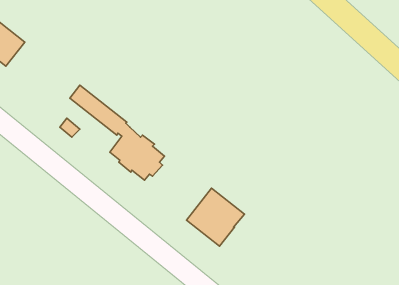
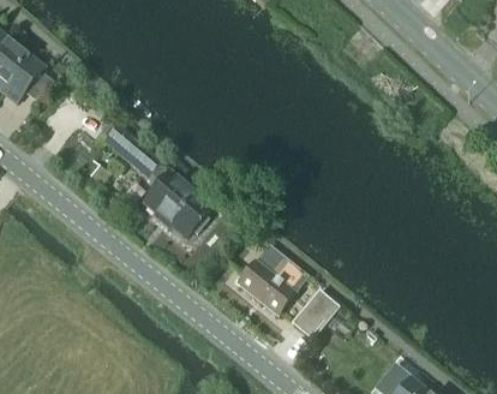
building: none -> [292,288,340,338]

